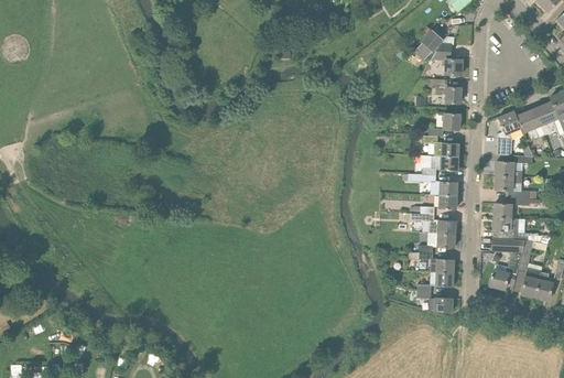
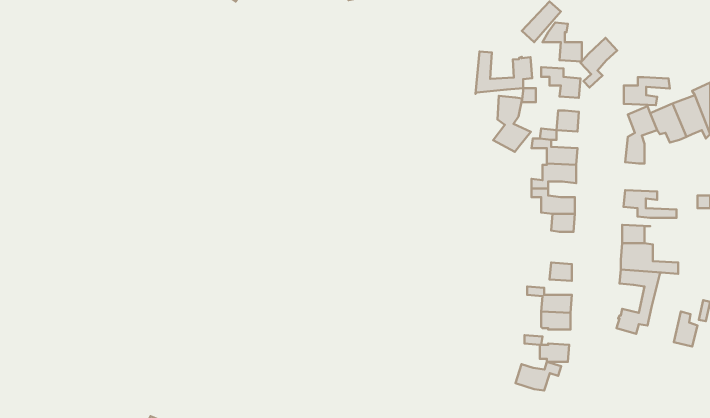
building: none -> [581,38,617,88]
building: none -> [475,52,532,94]
building: none -> [493,96,531,152]
building: [496,154,532,176] -> [624,77,670,105]
building: [405,212,455,234] -> none
building: [517,240,546,295] -> none
building: none -> [515,362,561,390]

